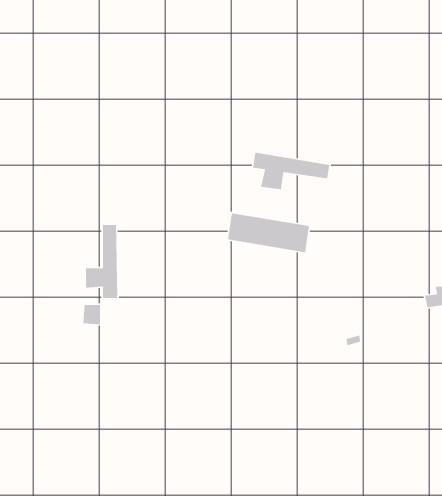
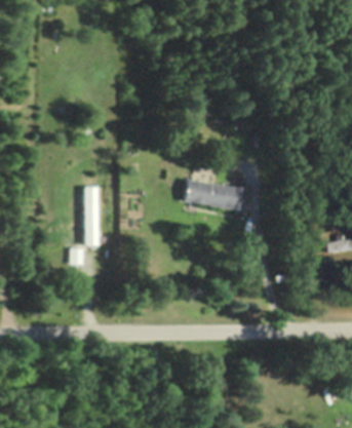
building: [252,152,330,190] -> none

